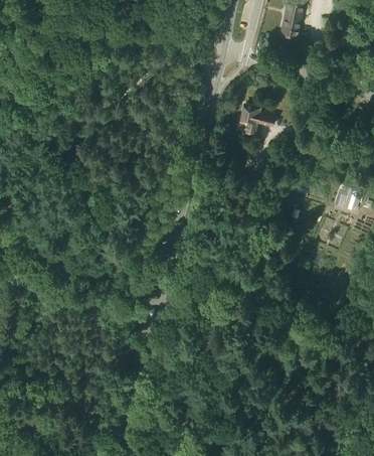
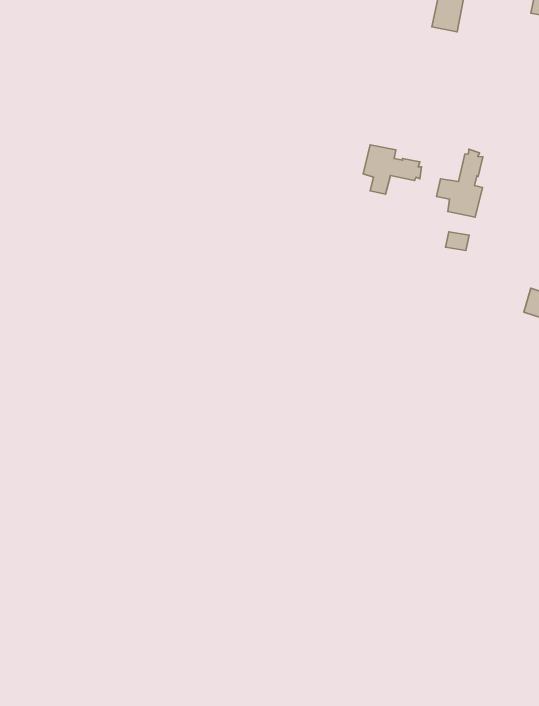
building: none -> [437,149,483,217]

